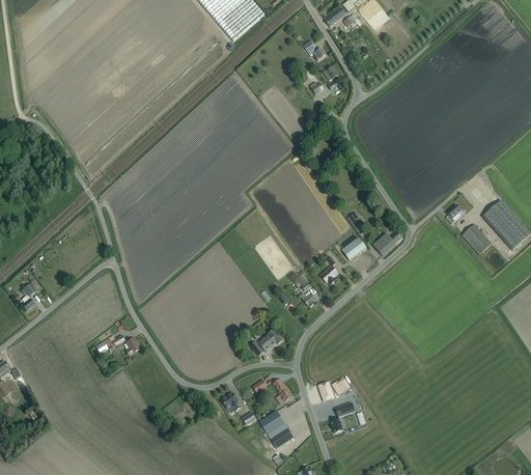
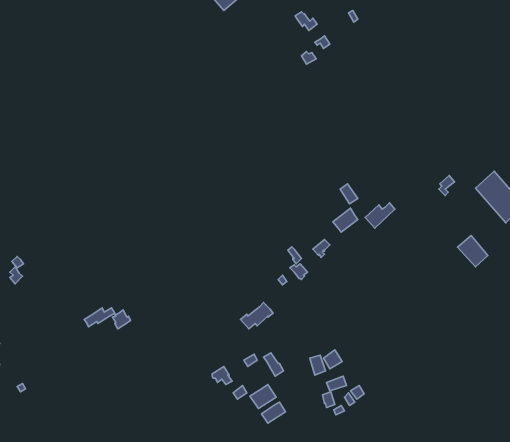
building: [462,223,492,254] -> [458,235,488,267]

